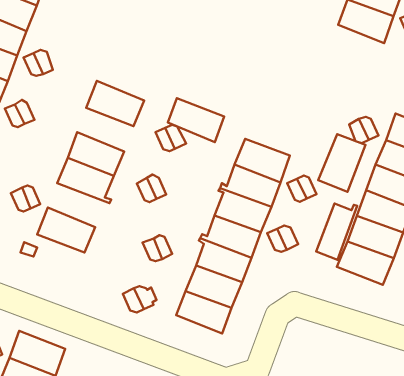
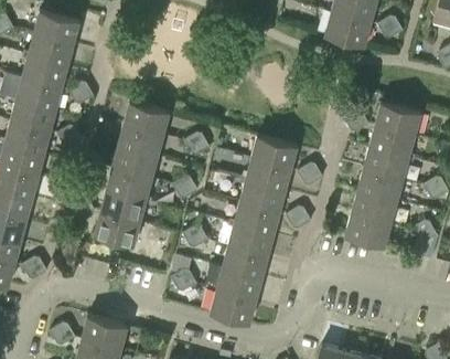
building: [168,98,224,142] -> [118,126,164,159]
building: [318,134,365,192] -> none
building: none -> [100,191,151,224]
building: [316,203,357,260] -> none
building: none -> [211,291,256,324]

